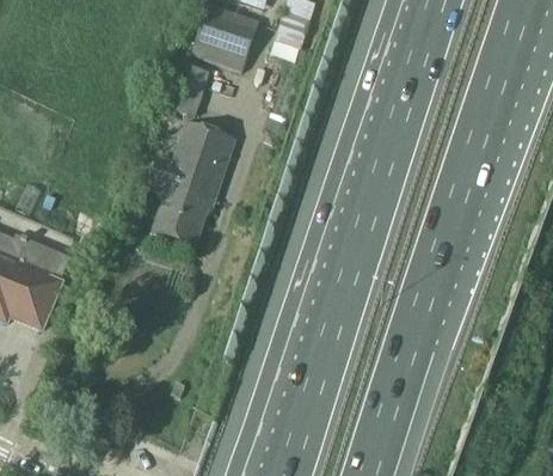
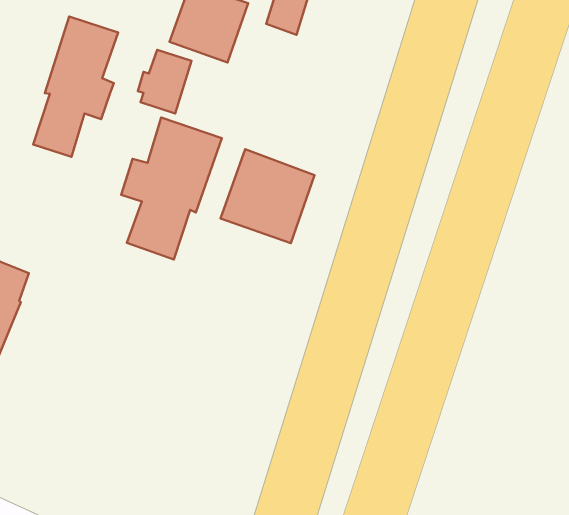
building: none -> [33,16,118,157]
building: none -> [220,149,315,243]

